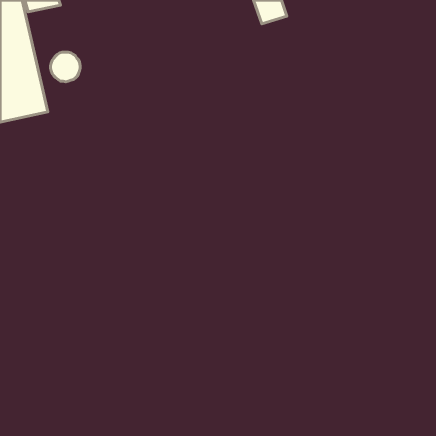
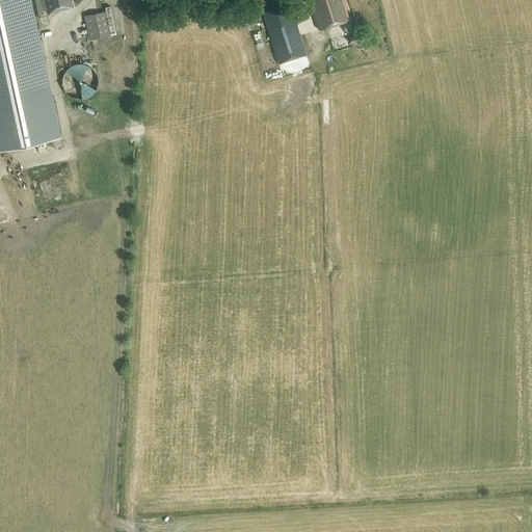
building: none -> [264,7,307,63]
building: none -> [84,11,110,39]

